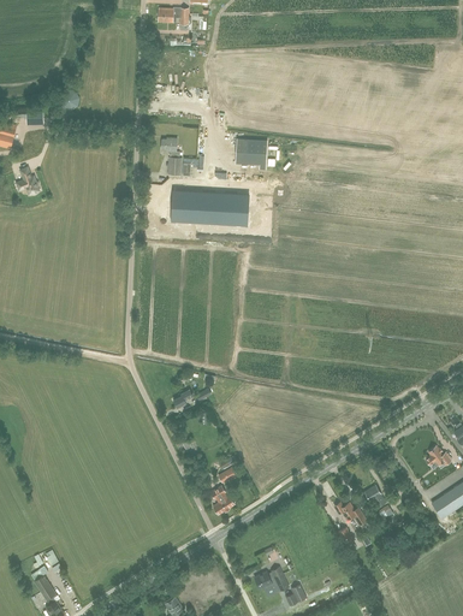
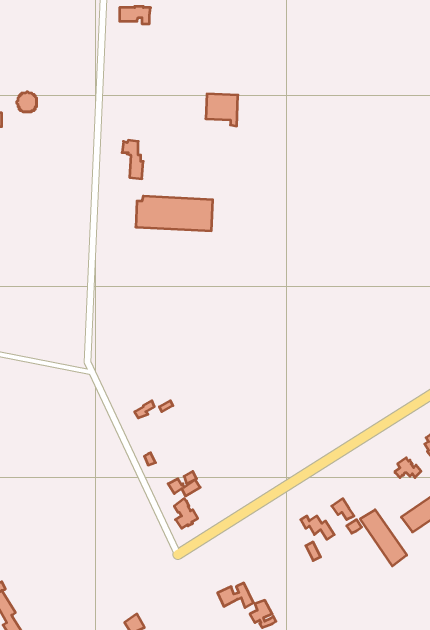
building: [235,138,266,170] -> [206,94,238,126]
building: none -> [360,510,407,566]

